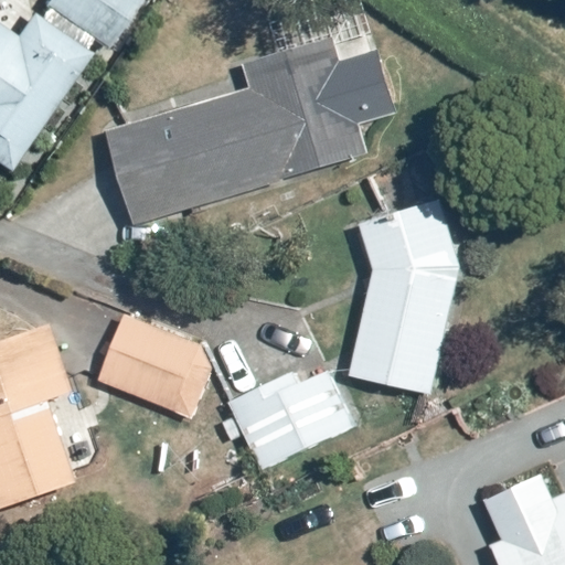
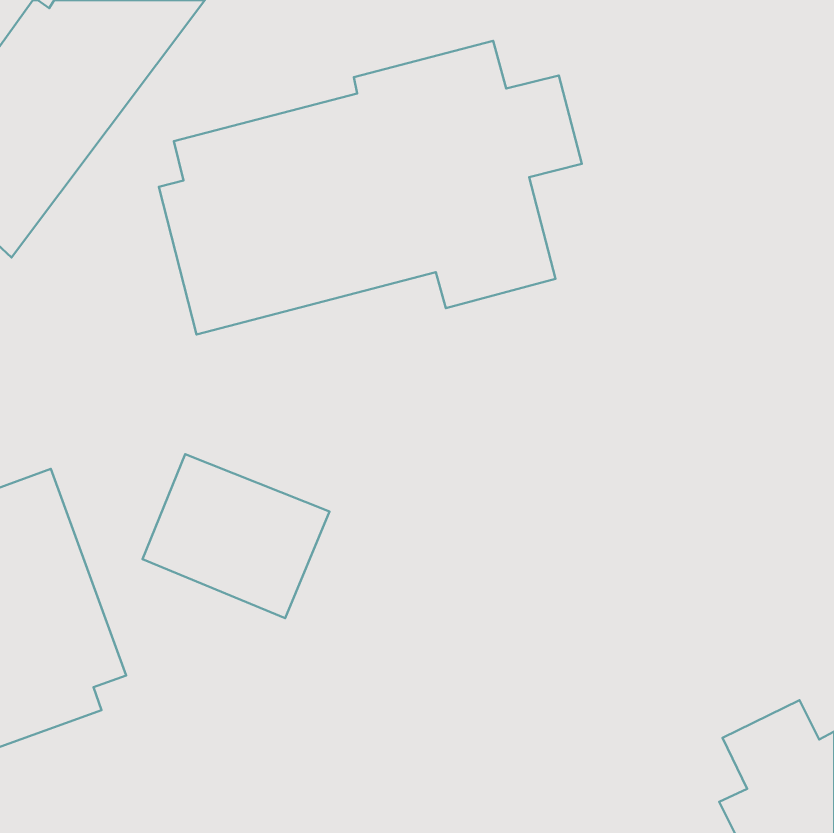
building: [347,201,463,392] -> none
building: [225,365,352,473] -> none

